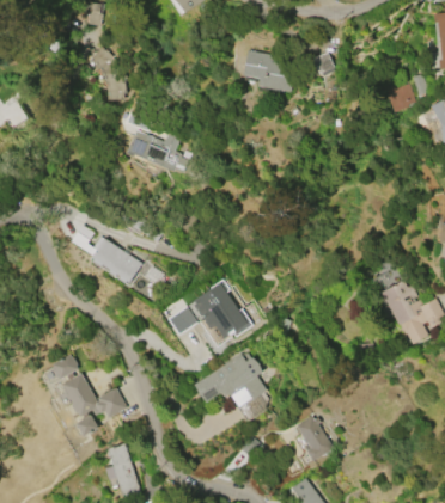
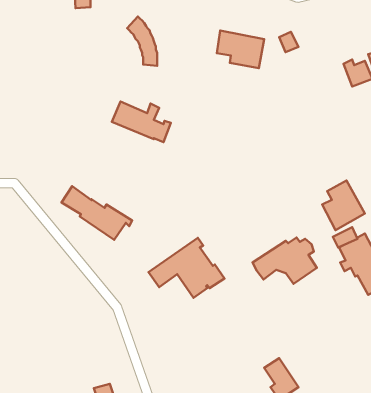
building: [90,45,123,100] -> [127,16,157,66]
building: none -> [322,181,365,230]
building: [42,355,126,437] -> none
building: [193,357,264,409] -> [253,238,317,284]

